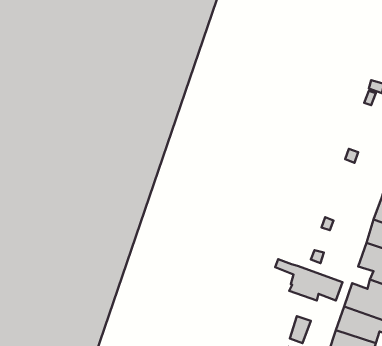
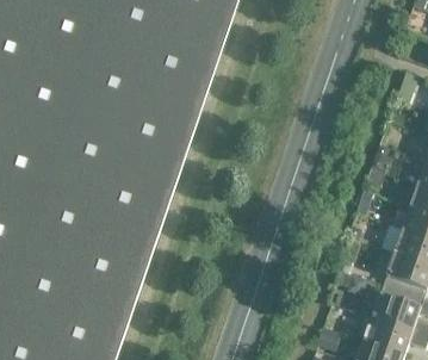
building: [275,259,342,301] -> none

